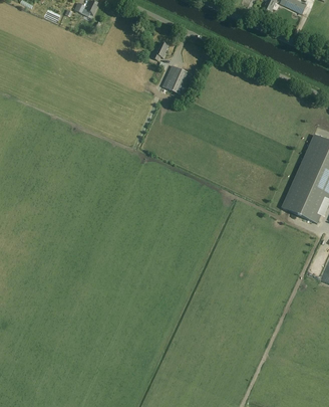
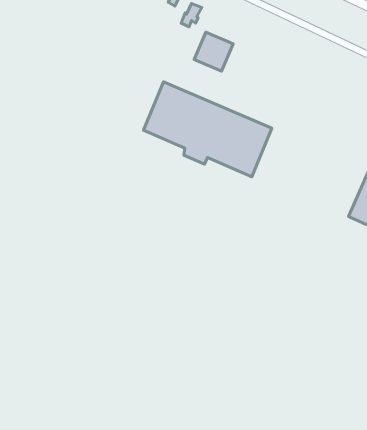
building: none -> [144,82,272,177]

